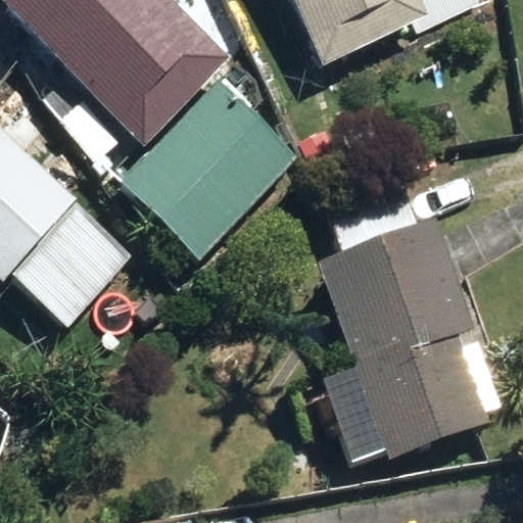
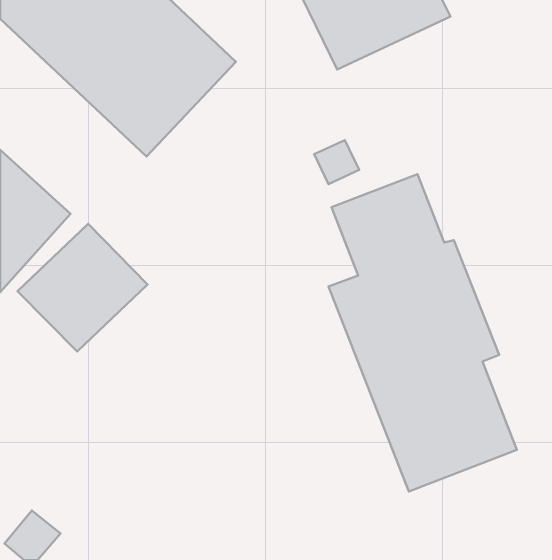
building: [121,80,298,259] -> none

